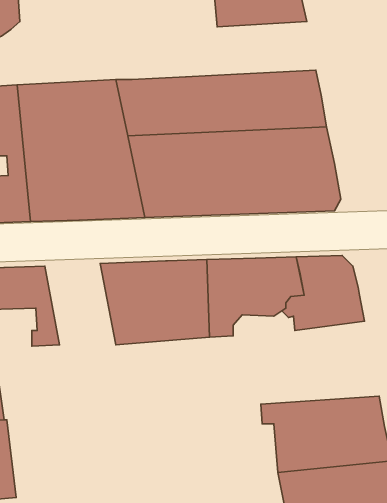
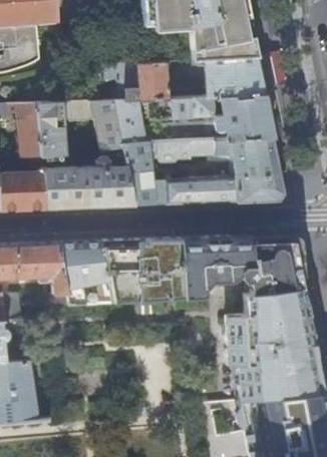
building: none -> [100,55,275,100]
building: none -> [59,241,113,305]
building: none -> [223,285,314,348]

